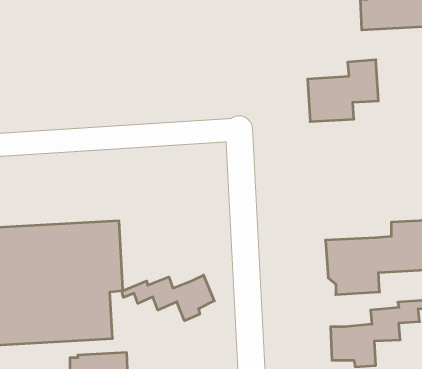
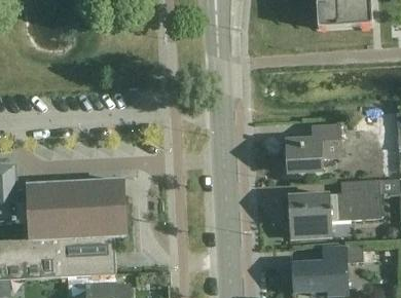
building: [308,60,378,122] -> [286,122,342,172]
building: [122,275,214,321] -> none

